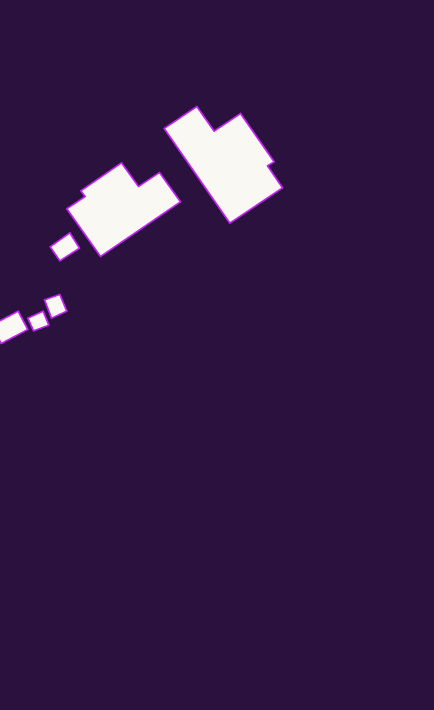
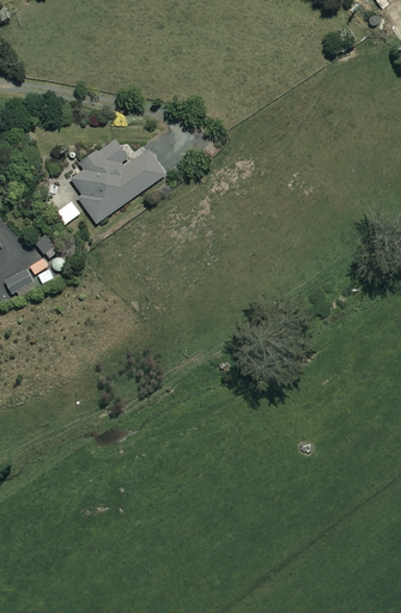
building: [164,107,283,223] -> none

